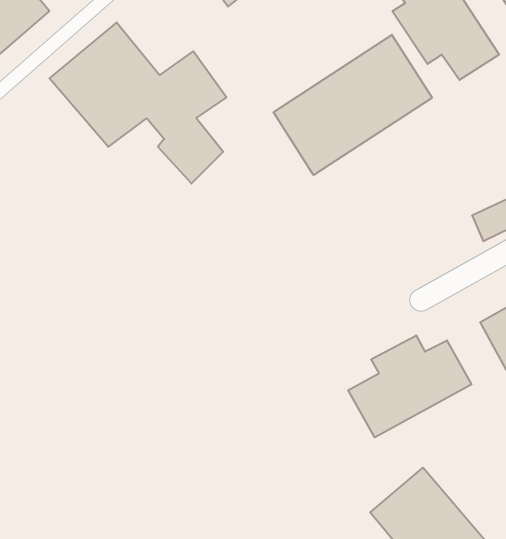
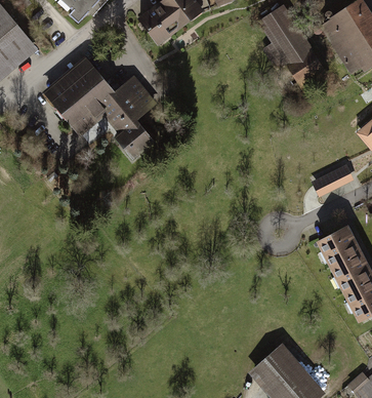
building: [273,35,432,175] -> none
building: [348,335,471,437] -> none

